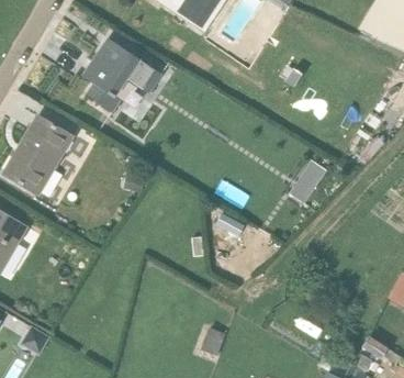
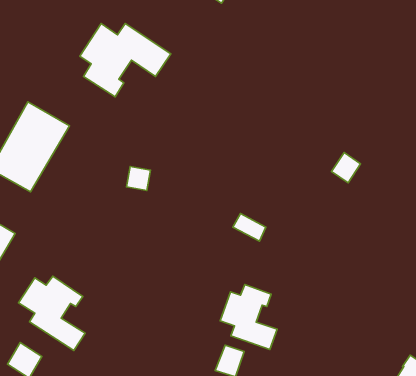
building: none -> [19,276,85,350]
building: none -> [220,284,277,350]

